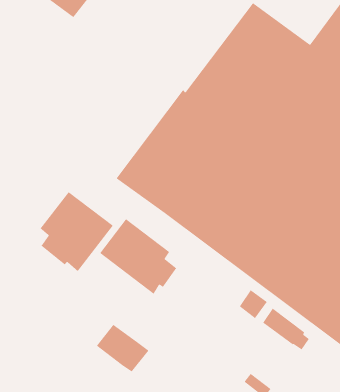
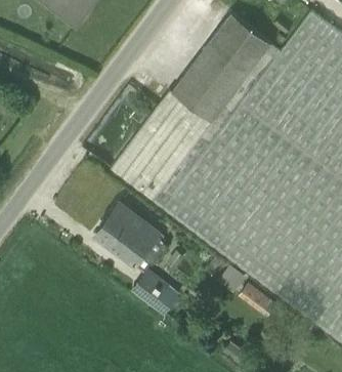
building: [40,191,114,272] -> none
building: [96,324,149,373] -> [133,272,180,315]

